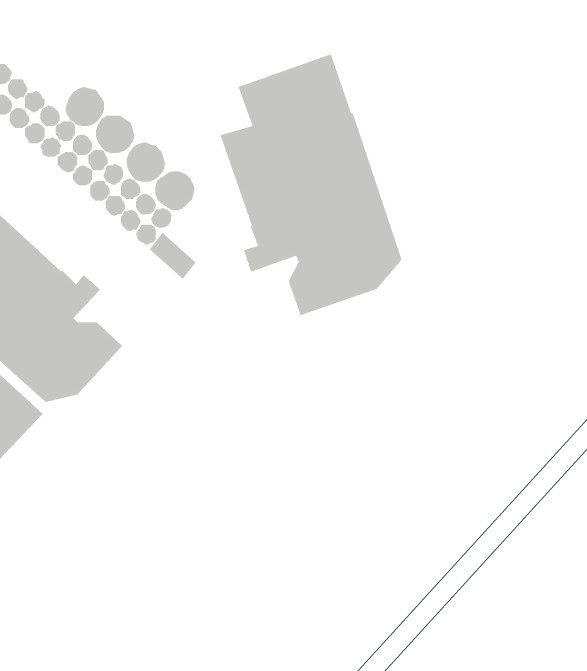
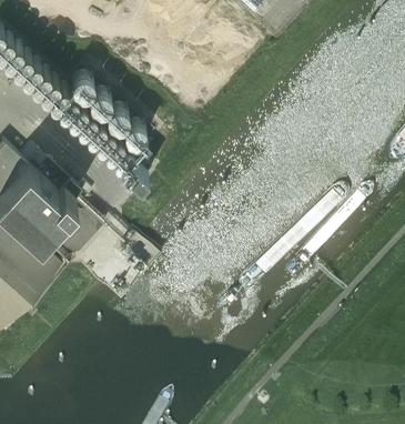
building: [220,54,402,317] -> none

